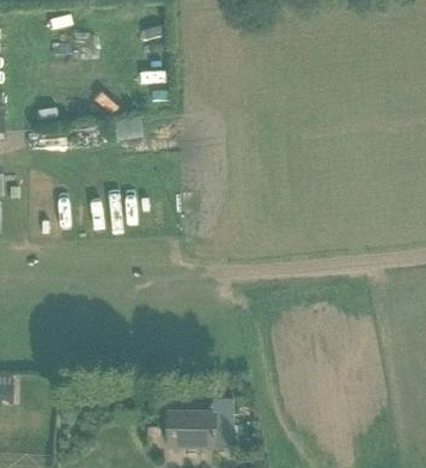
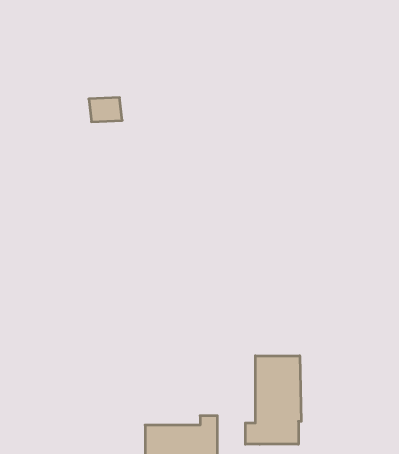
building: none -> [245,356,301,444]

